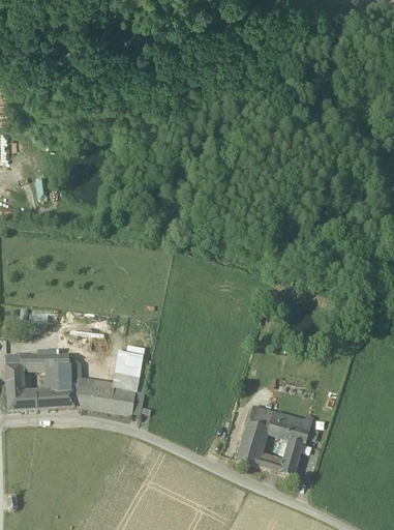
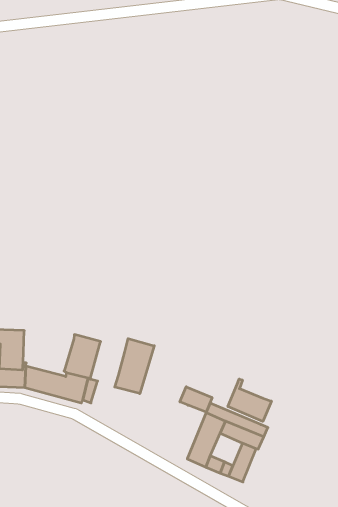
building: none -> [115,339,154,394]
building: none -> [228,379,271,421]
building: none -> [180,387,212,412]

